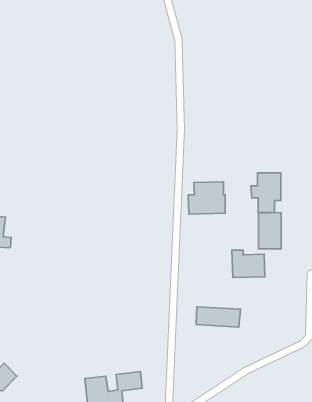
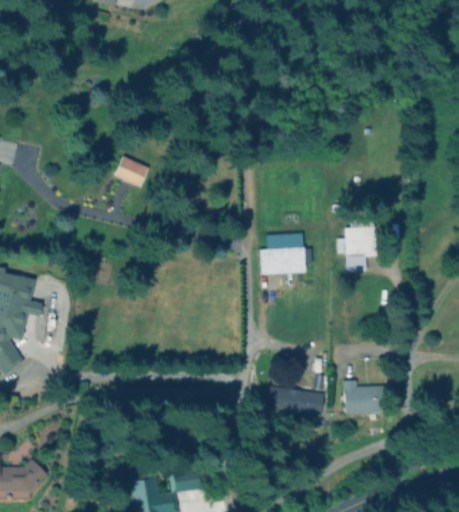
building: none -> [114,157,149,188]
building: [259,213,281,249] -> none
building: [232,250,265,277] -> [343,381,384,415]

